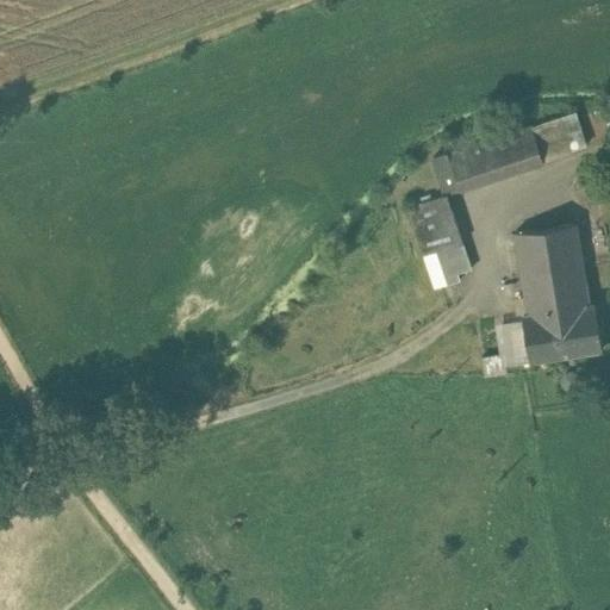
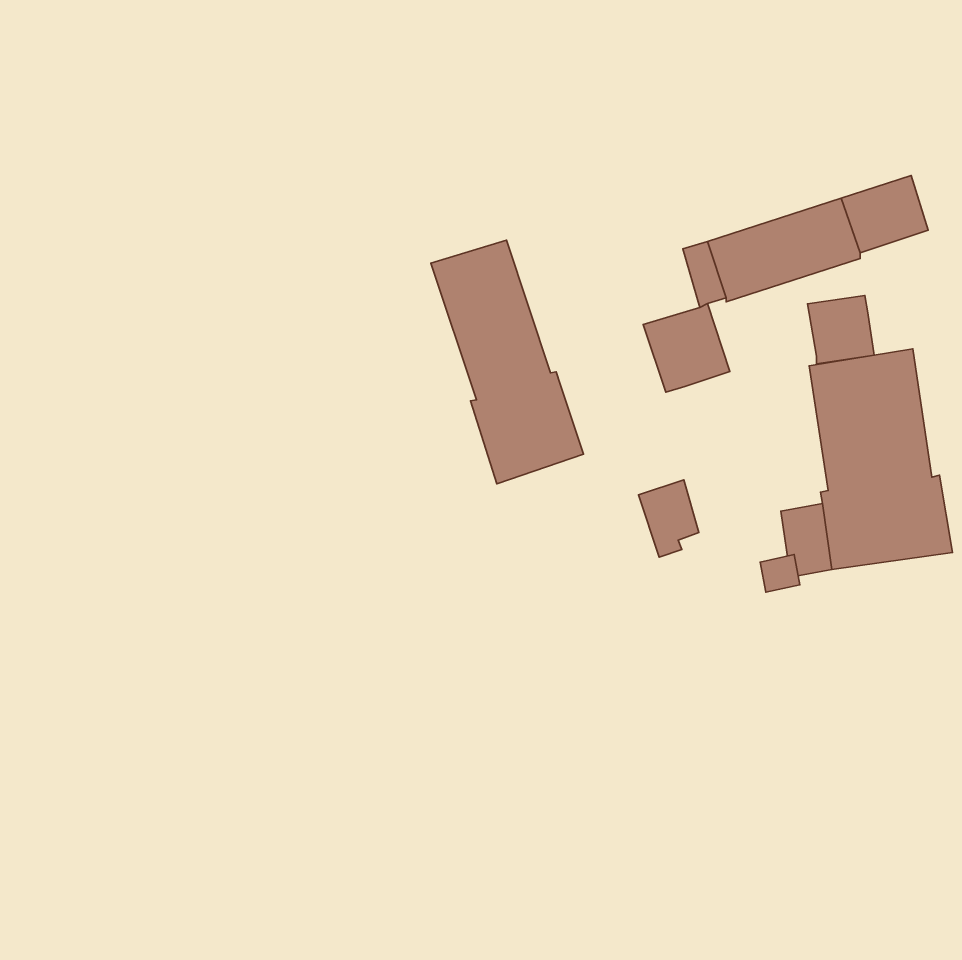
building: none -> [431,240,584,484]
building: none -> [807,295,874,364]
building: [434,237,472,286] -> [639,480,699,557]

